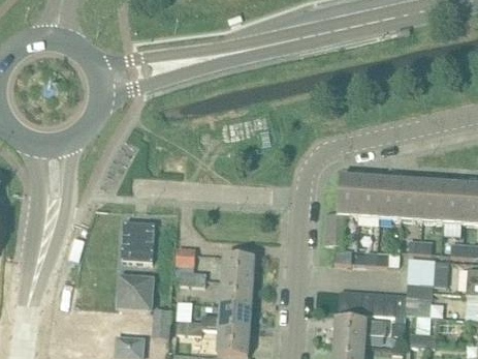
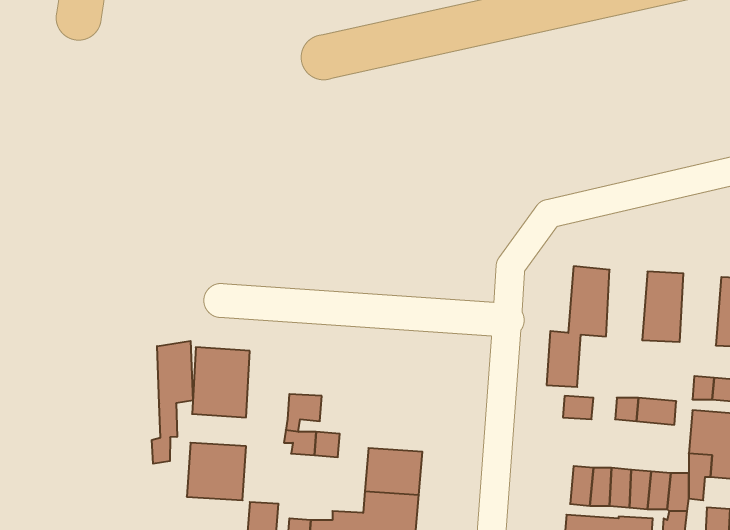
building: [359,176,383,216] -> none
building: [402,178,425,219] -> none
building: none -> [152,341,193,464]
building: [223,253,255,280] -> none

